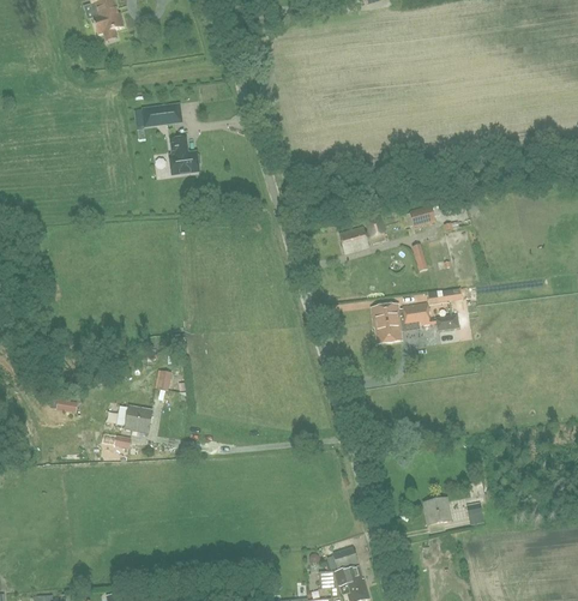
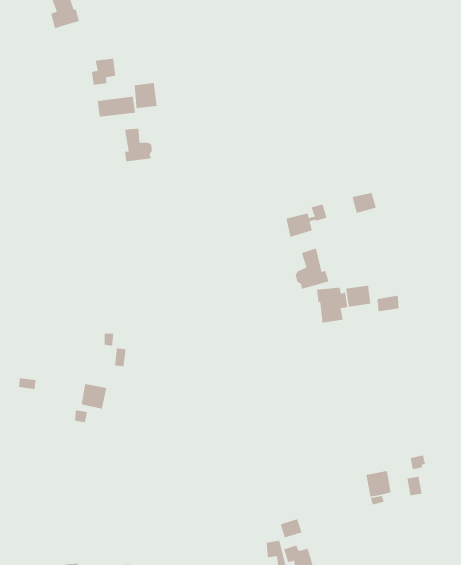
building: none -> [91,58,116,85]
building: none -> [134,82,158,109]
building: none -> [295,247,329,290]

